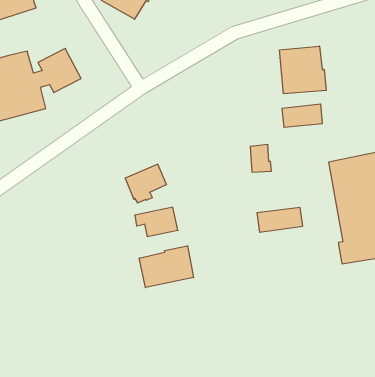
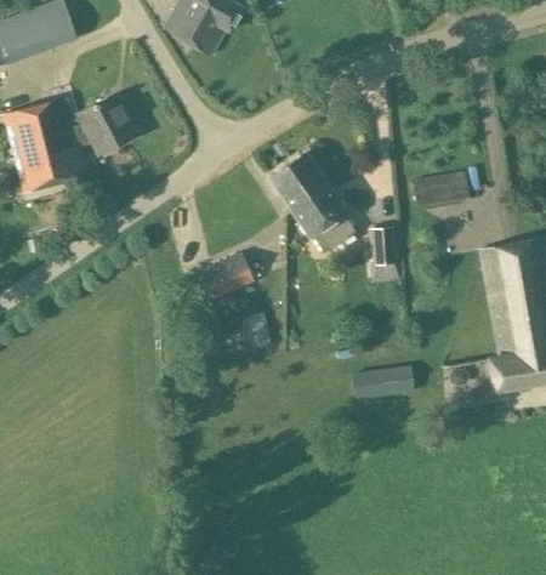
building: [280,46,326,94] -> none
building: none -> [269,152,356,250]
building: [257,208,303,232] -> [352,365,415,399]
building: [139,246,194,288] -> none

